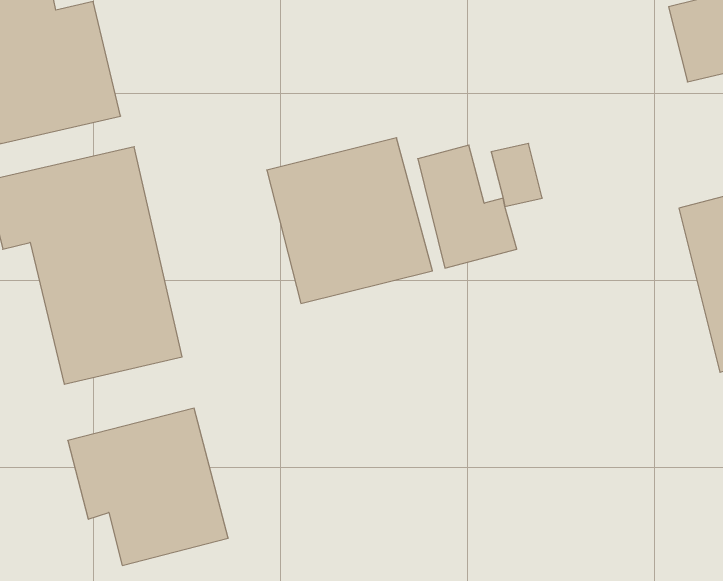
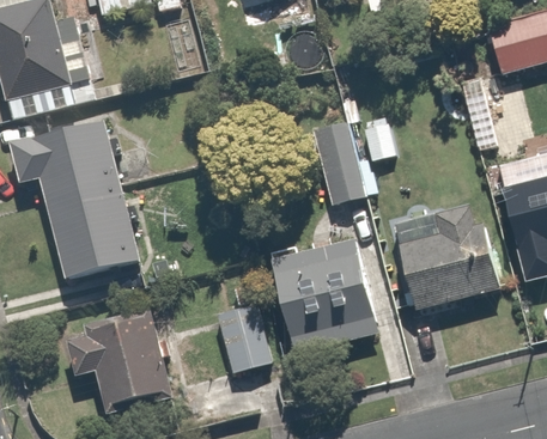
building: [267,138,432,303] -> [267,234,383,350]
building: none -> [379,207,508,316]
building: none -> [213,300,274,372]

